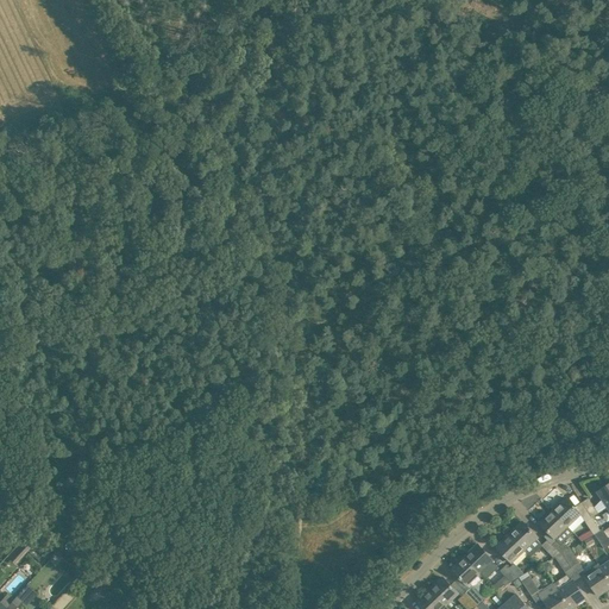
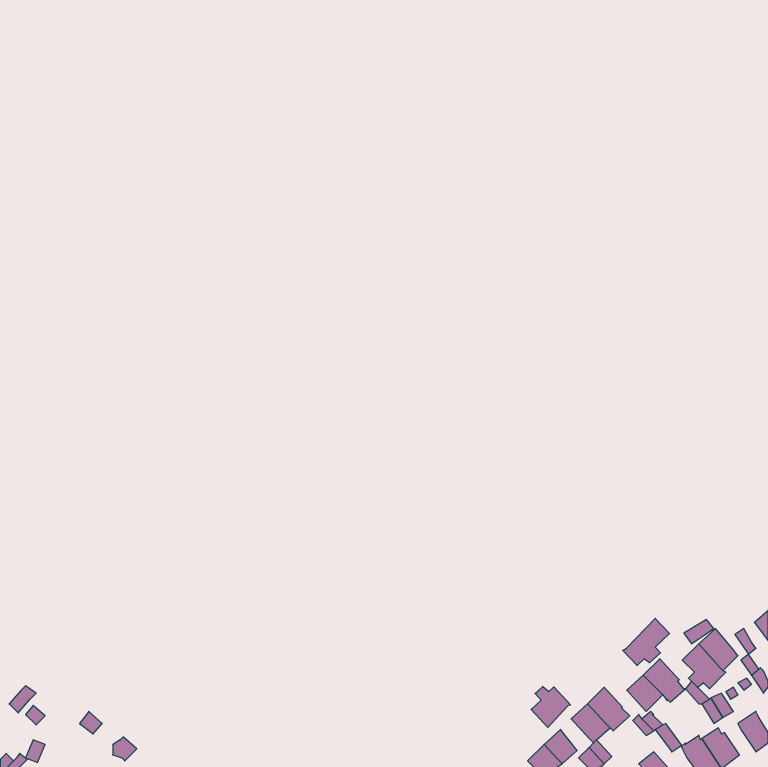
building: none -> [623,618,670,666]
building: none -> [531,686,570,727]

